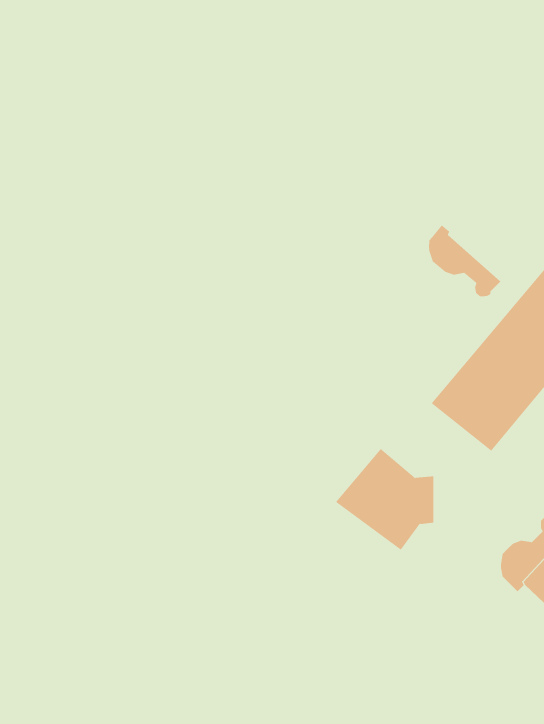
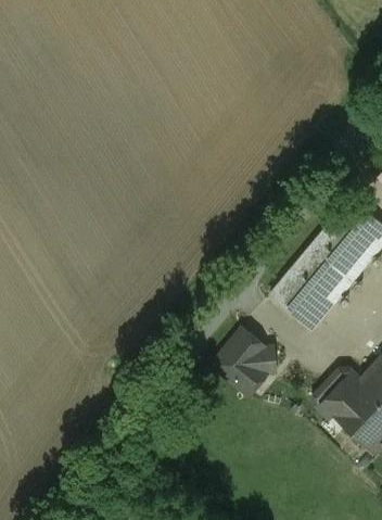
building: [429,225,501,297] -> none

